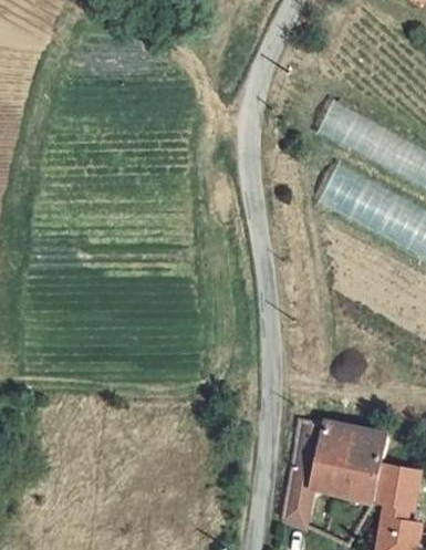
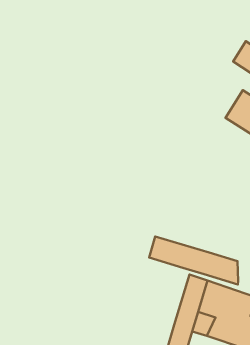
building: none -> [149,237,238,284]

